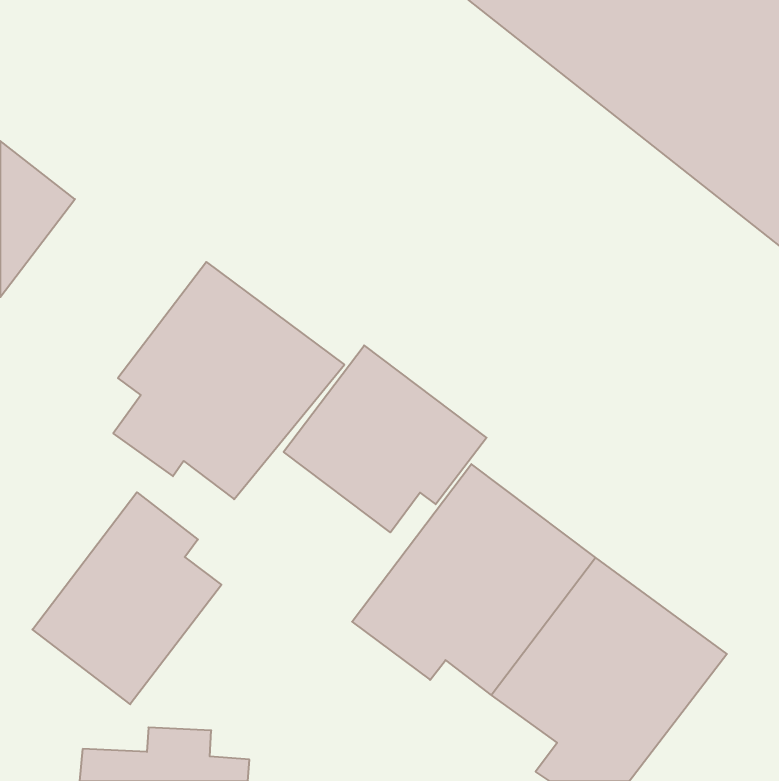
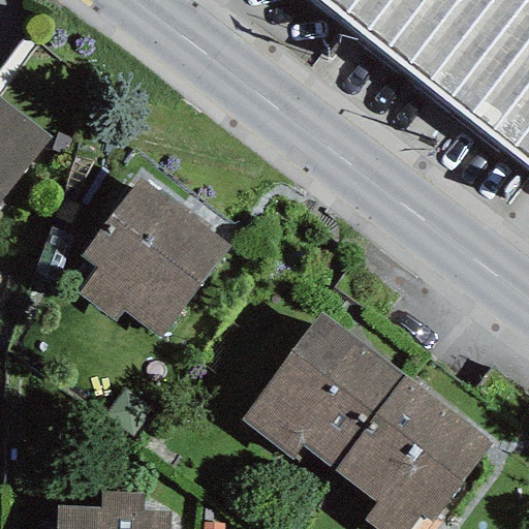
building: [284,345,487,532] -> none
building: [32,492,221,704] -> none

